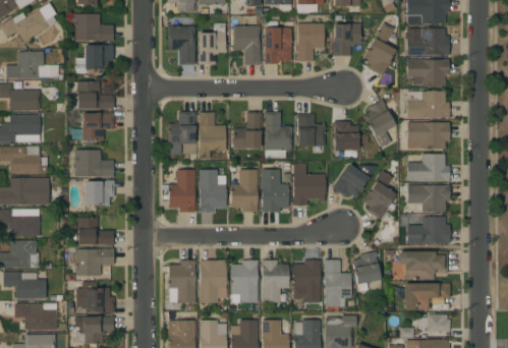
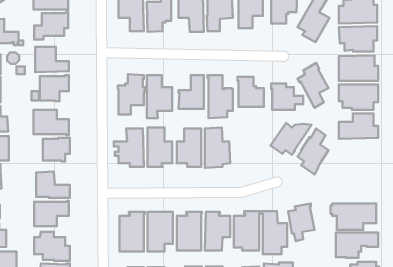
building: [293,174,325,206] -> none
building: [407,184,450,212] -> none
building: [407,217,450,243] -> none

